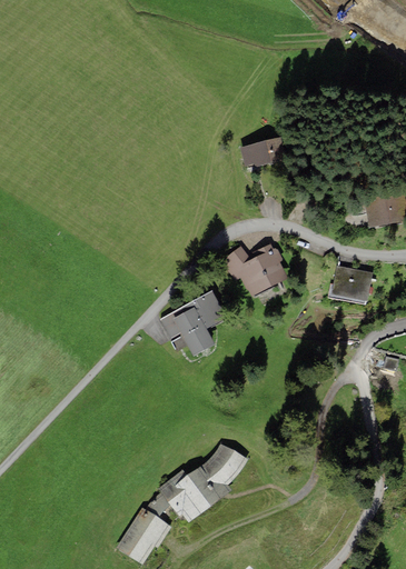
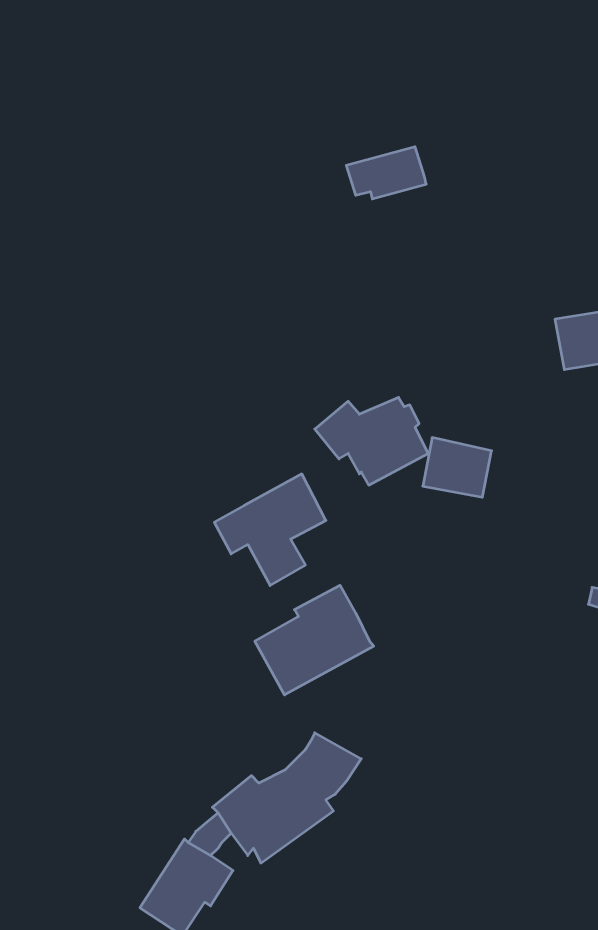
building: [239,136,287,167] -> [346,147,426,199]
building: [331,264,373,300] -> [423,438,492,497]
building: none -> [255,585,374,695]

